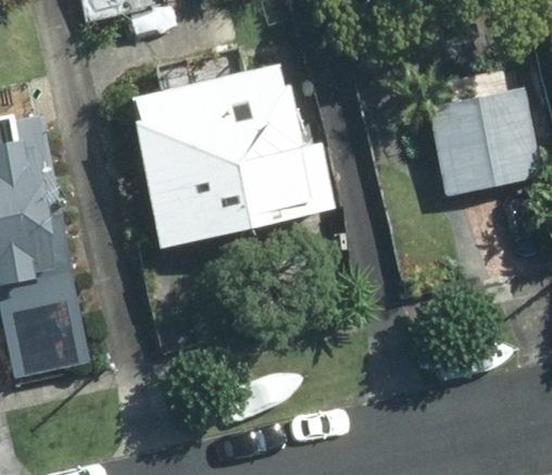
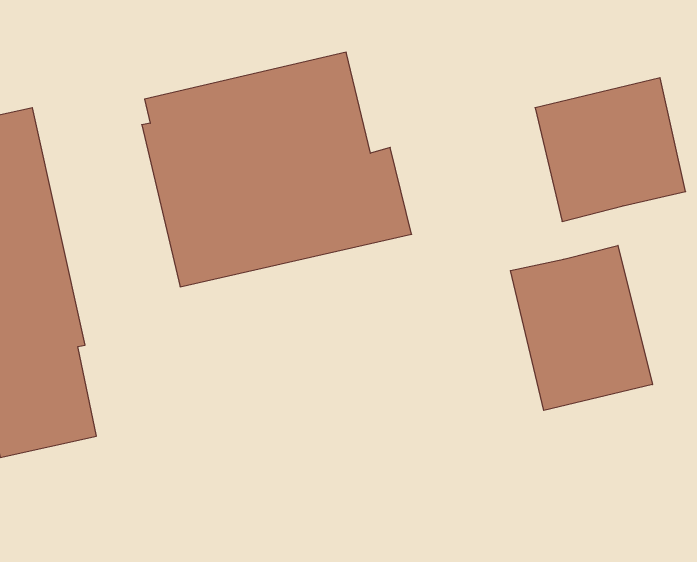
building: none -> [510,245,652,410]

